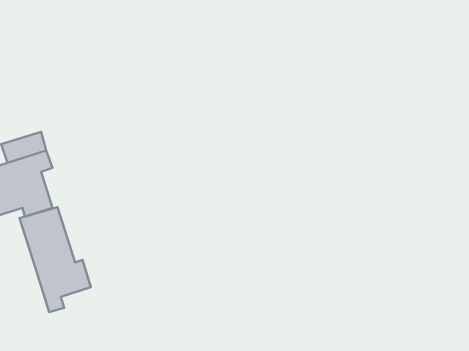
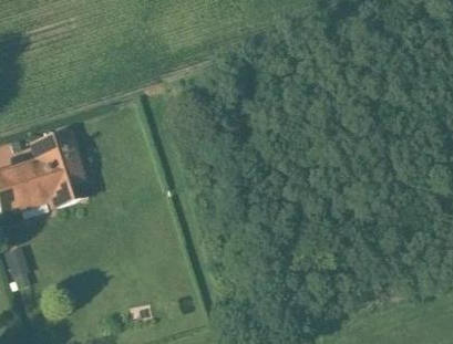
building: [19,207,91,312] -> none

